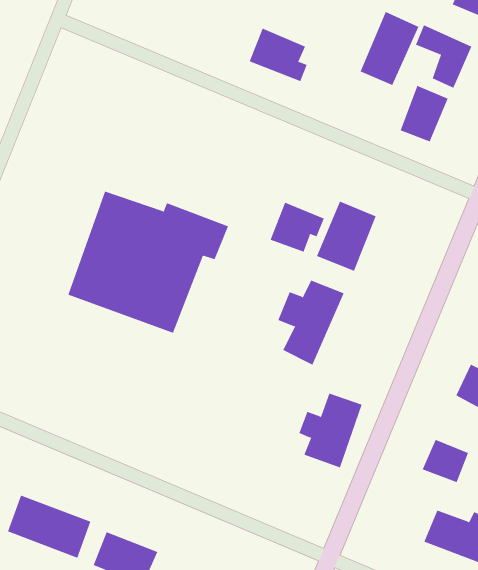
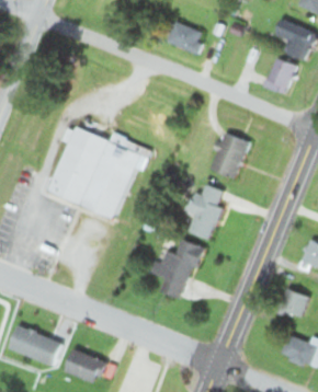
building: [360,11,419,86] -> none
building: [270,202,324,252] -> none
building: [299,393,362,468] -> [161,240,203,289]

